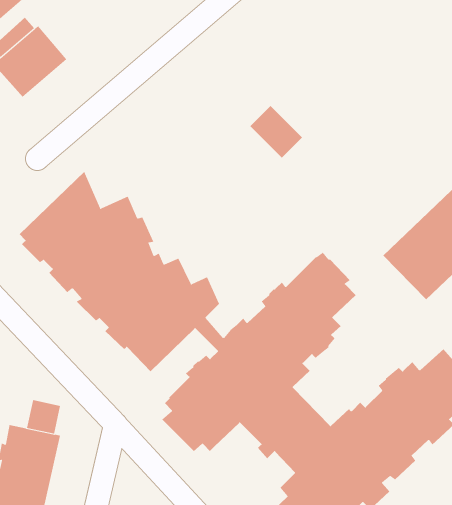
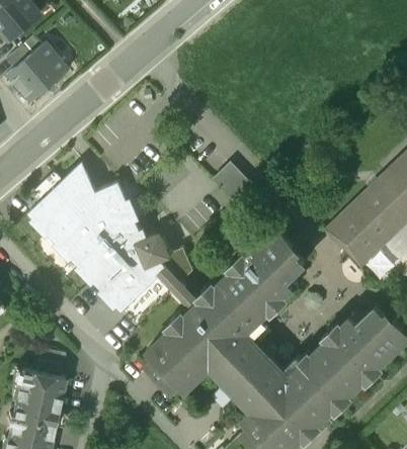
building: [250,105,303,159] -> [213,163,256,206]

